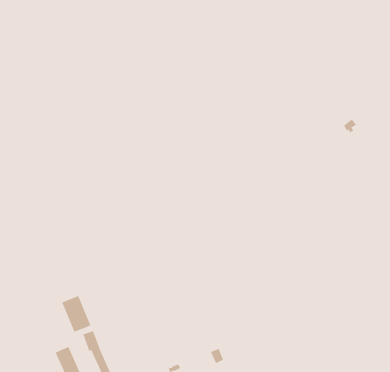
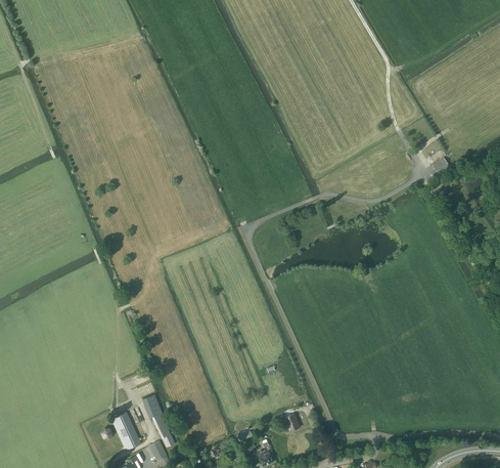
building: [61,295,91,333] -> none

